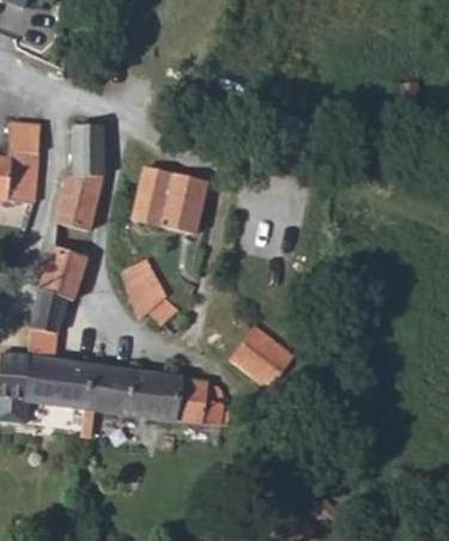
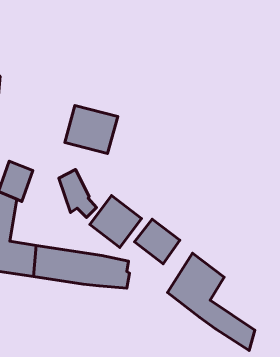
building: [54,126,102,230] -> none
building: none -> [90,195,142,247]
building: none -> [167,253,255,350]

